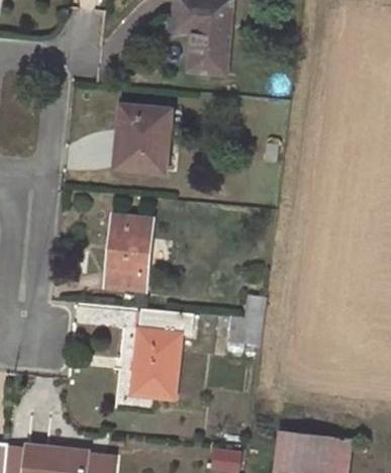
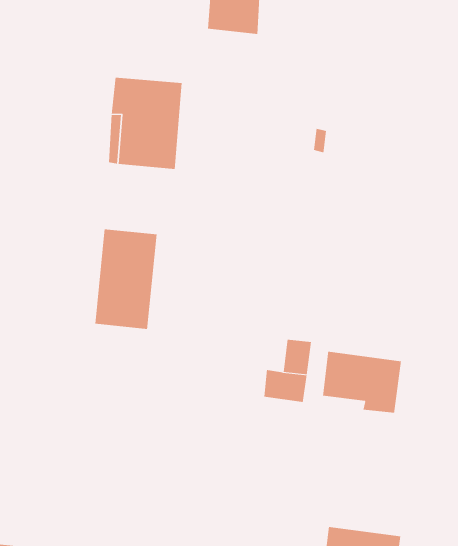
building: none -> [323,351,402,413]
building: [133,309,194,396] -> none

